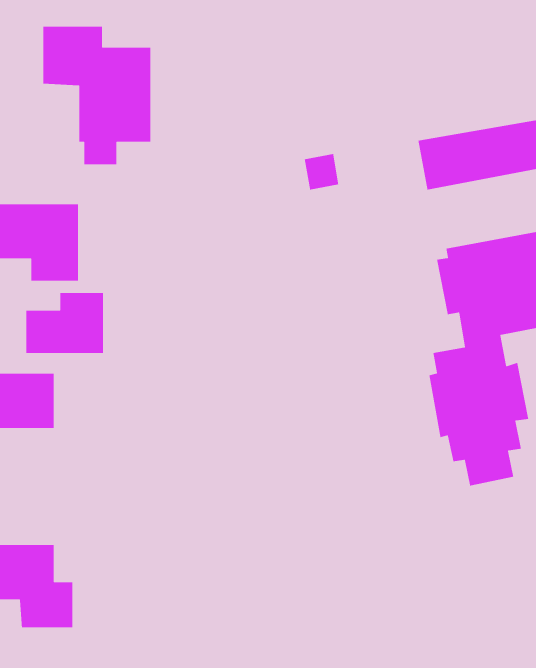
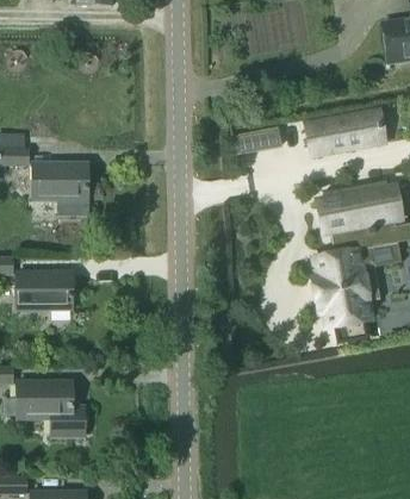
building: [42,26,151,165] -> none
building: [25,292,104,354] -> none

